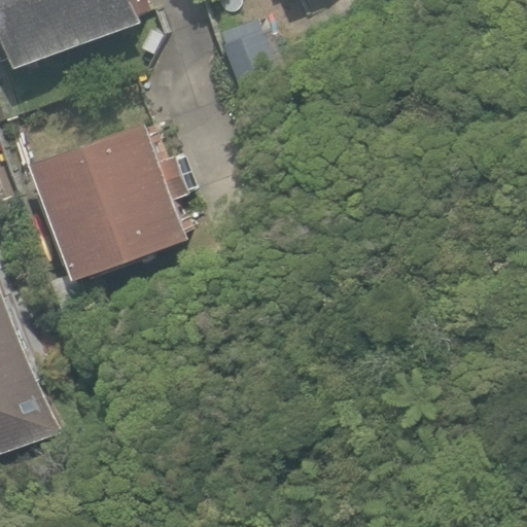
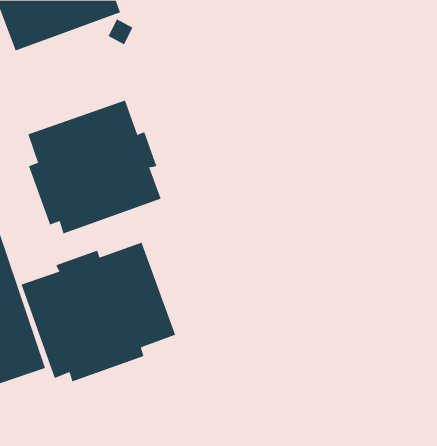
building: none -> [21,242,176,382]

